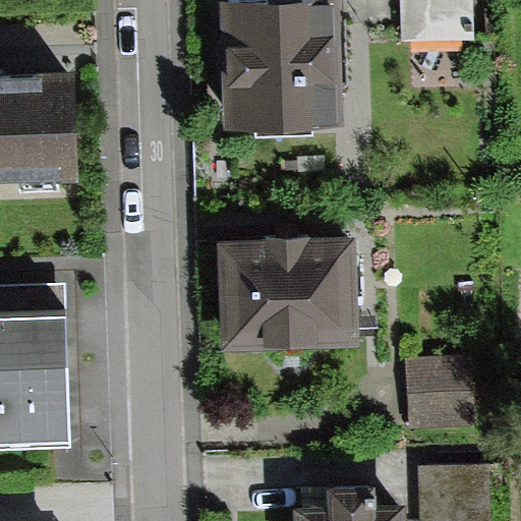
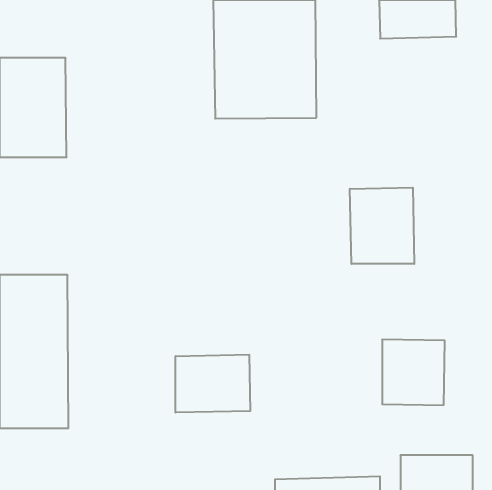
building: none -> [350,188,414,264]
building: [205,225,359,348] -> none
building: none -> [176,355,250,413]

